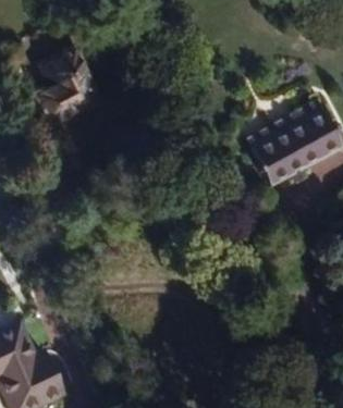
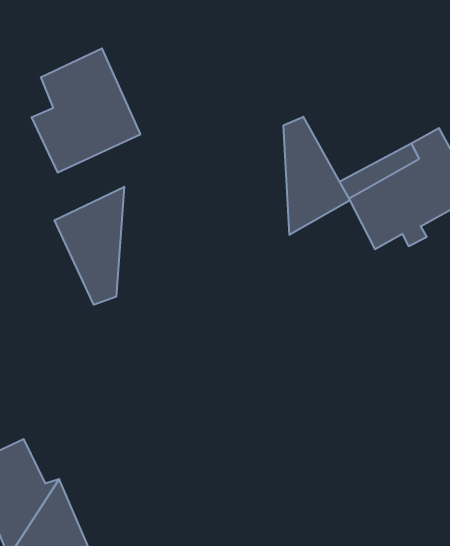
building: none -> [284,117,350,235]
building: none -> [55,187,124,305]

